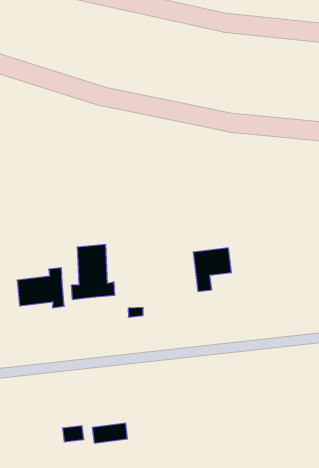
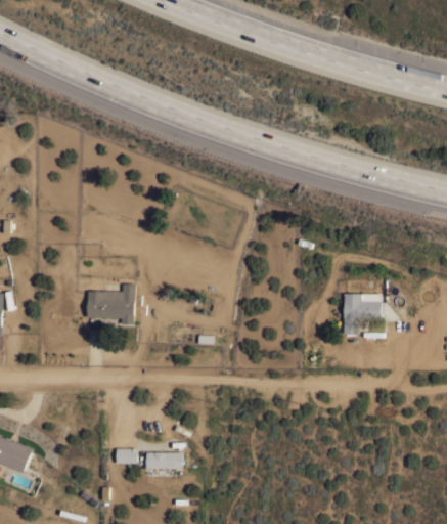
building: [72,244,114,300] -> none
building: [193,248,232,292] -> [344,294,381,335]

